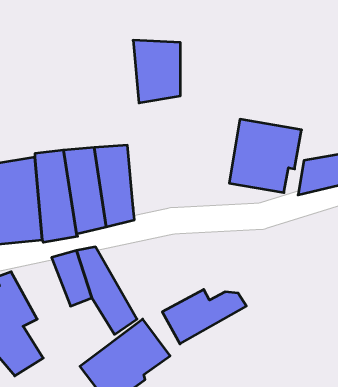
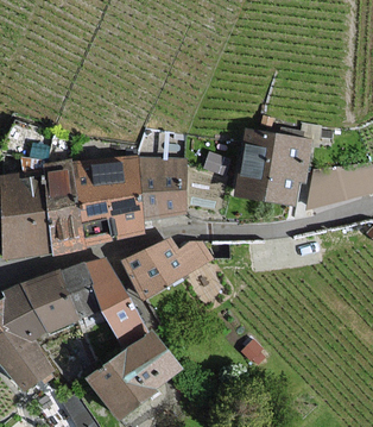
building: [133,40,180,103] -> [137,157,184,220]
building: none -> [20,270,80,332]
building: [162,289,246,344] -> [126,241,210,296]

